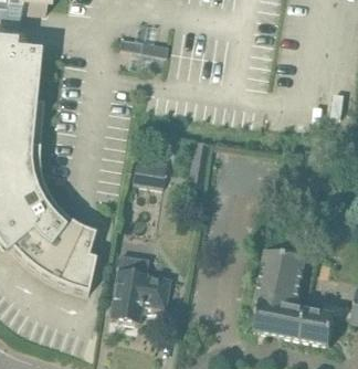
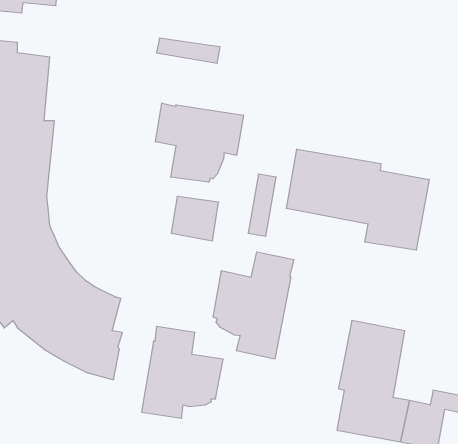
building: none -> [155,103,243,182]
building: none -> [287,149,429,250]
building: none -> [213,252,294,359]

